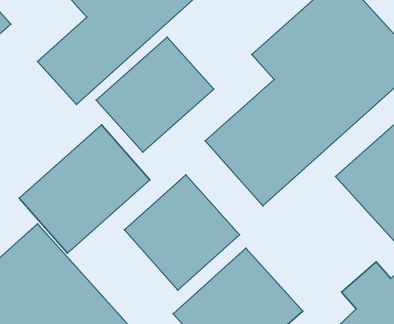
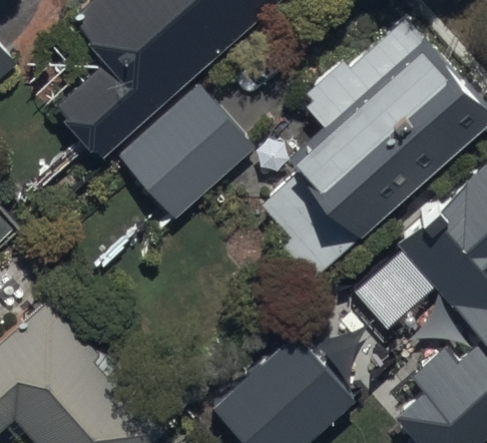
building: [19,125,150,253] -> none
building: [124,175,239,290] -> none

